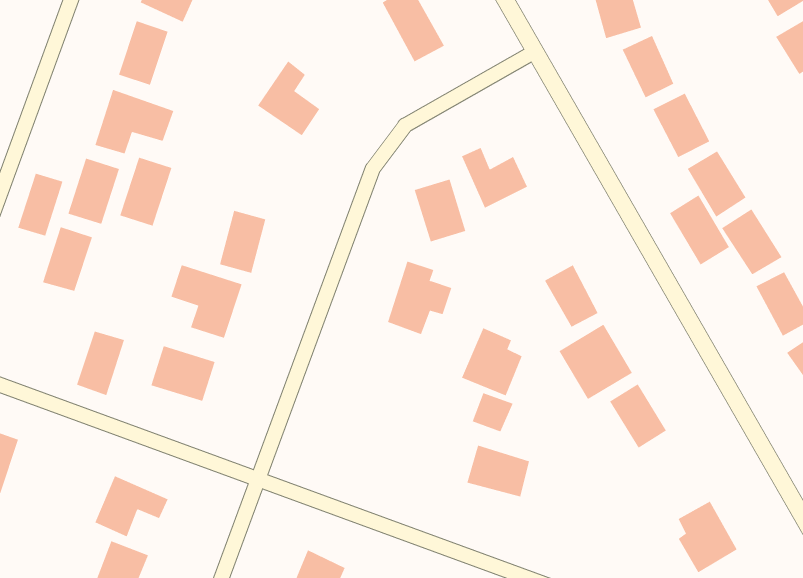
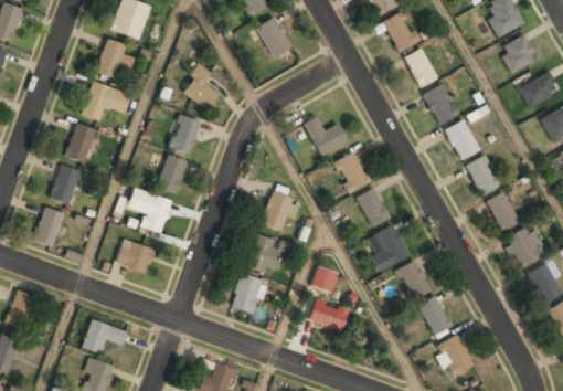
building: none -> [169,115,202,155]
building: [120,157,172,227] -> none
building: [18,173,63,237] -> none
building: [414,179,466,242] -> [336,154,368,192]
building: [669,195,730,266] -> none
building: [461,327,523,396] -> [244,234,282,276]
building: [76,331,125,396] -> [34,208,64,247]
building: none -> [231,274,265,315]
building: none -> [421,297,450,335]

